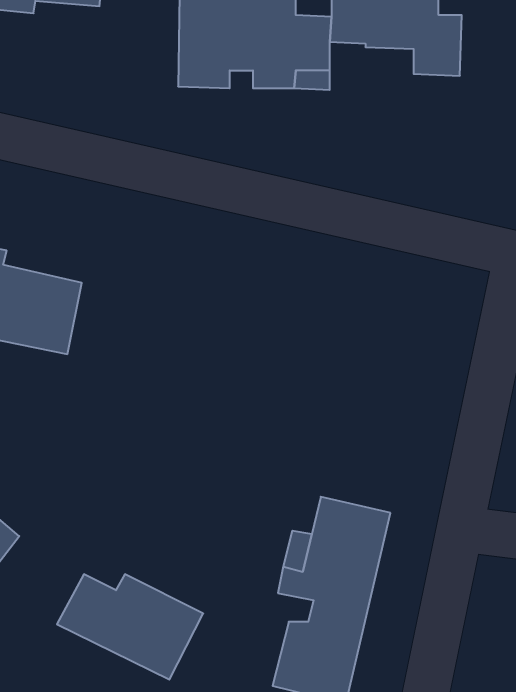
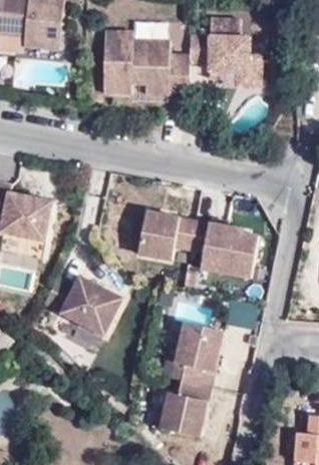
building: none -> [139,209,260,277]
building: [57,574,203,680] -> [40,277,122,336]

